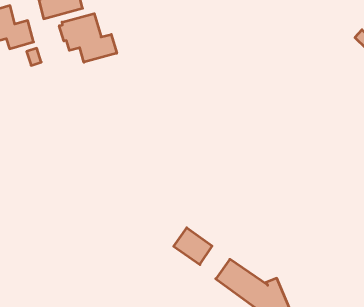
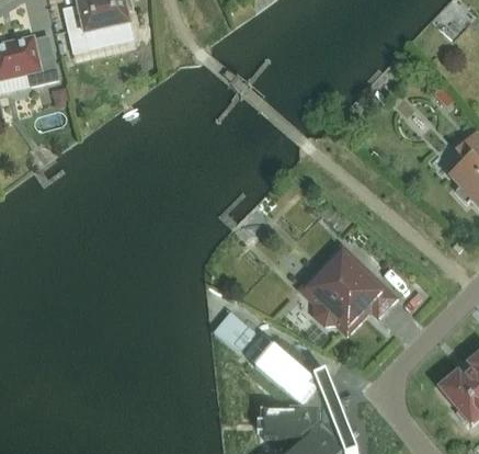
building: [59,14,117,62] -> none
building: none -> [307,253,395,325]

